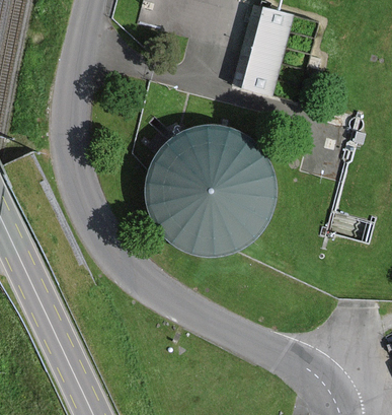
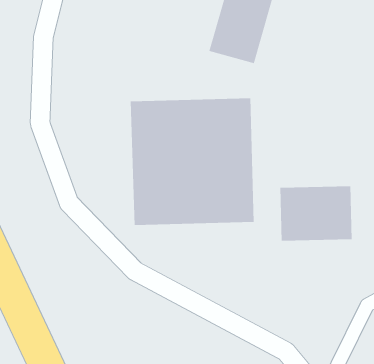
building: none -> [280,185,352,242]

